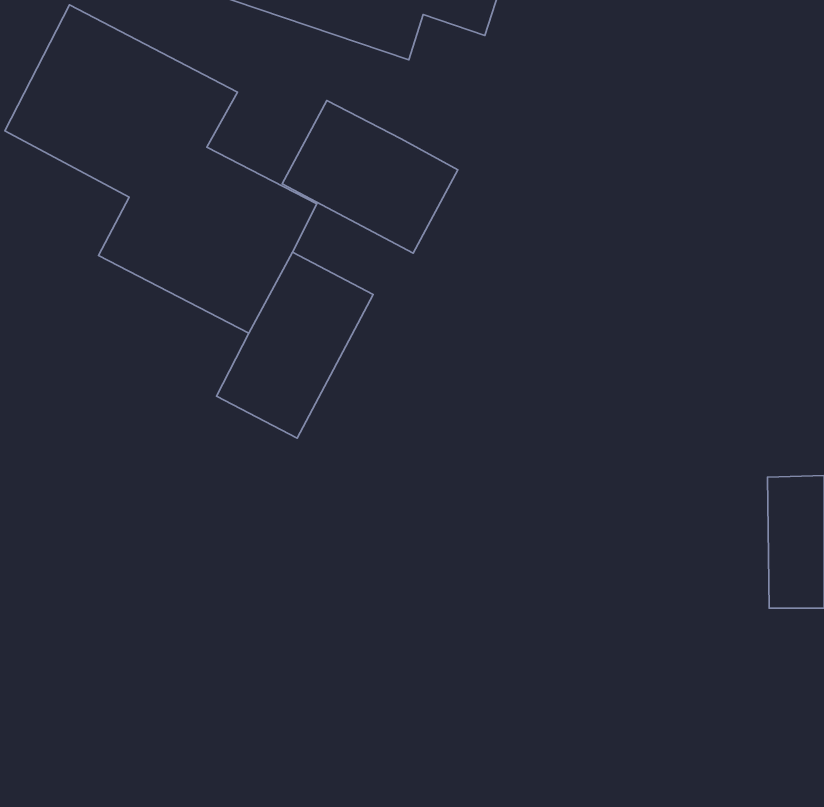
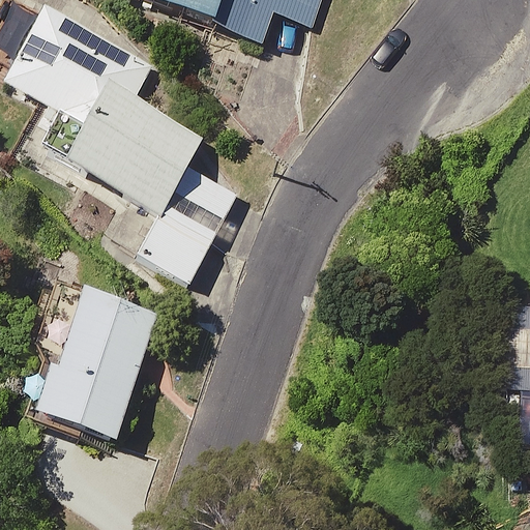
building: [282,101,458,253] -> none
building: none -> [33,284,157,439]

